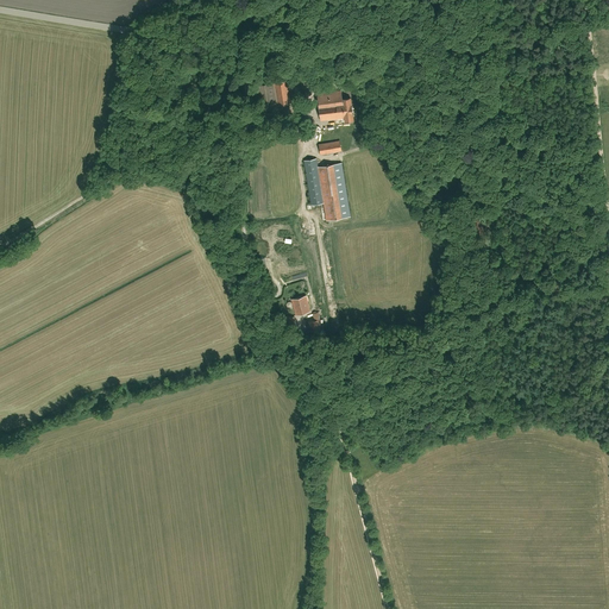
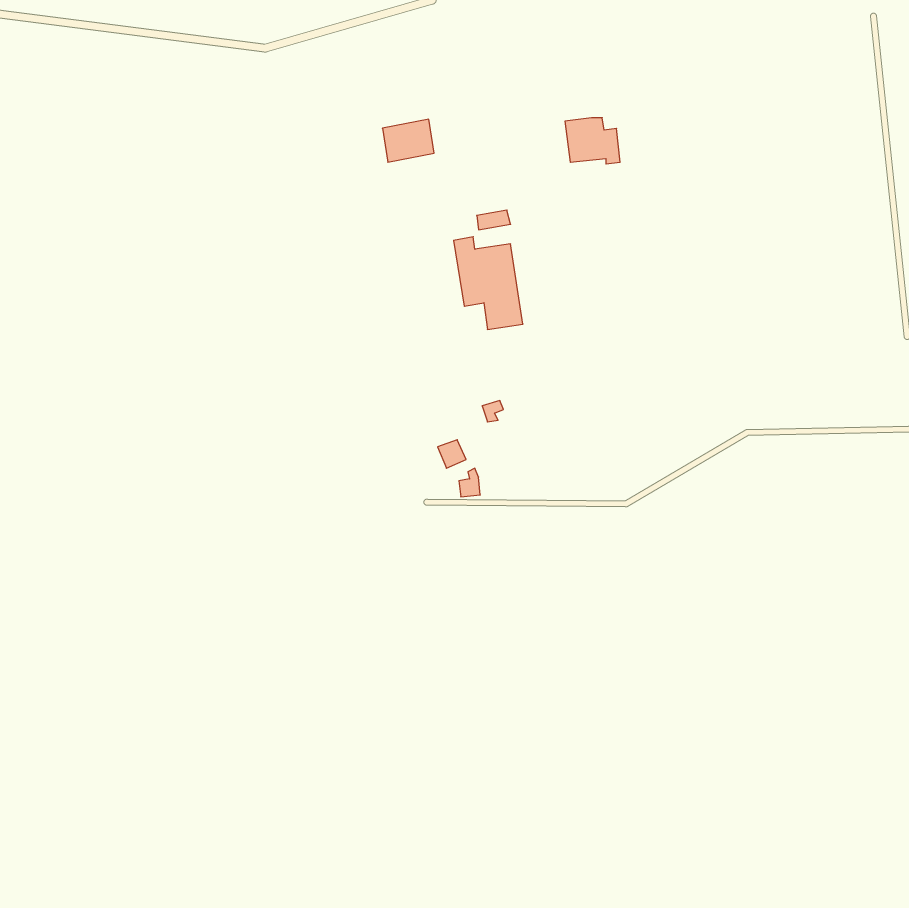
building: [316,92,353,123] -> [565,118,620,164]

